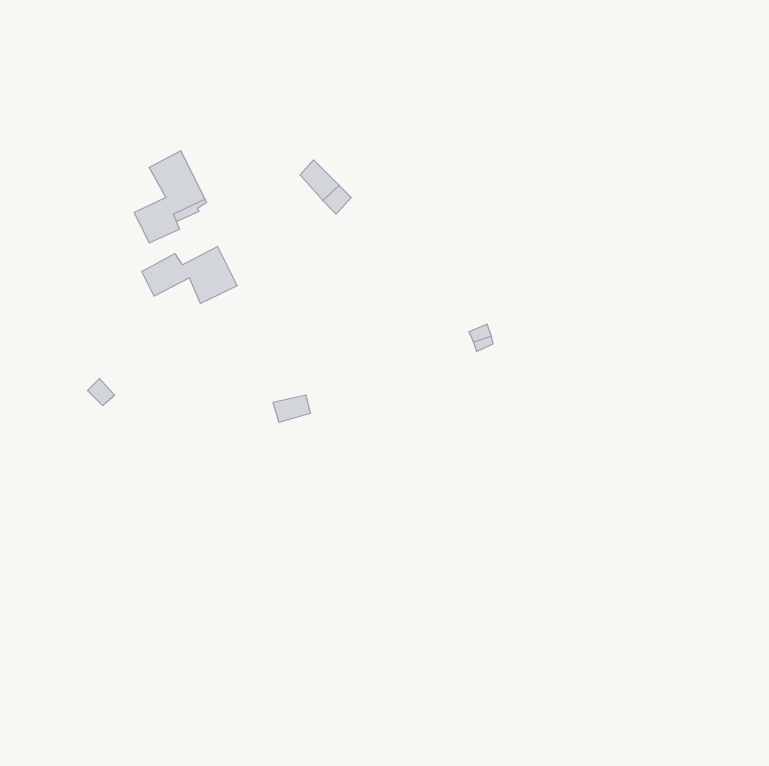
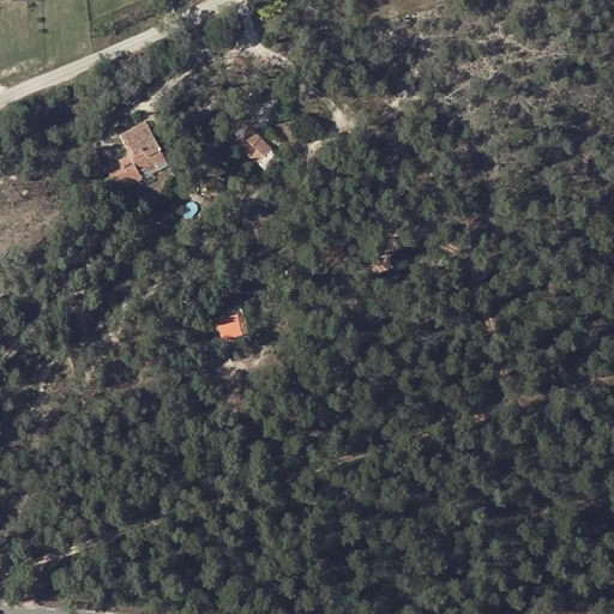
building: [142,246,237,304] -> none

